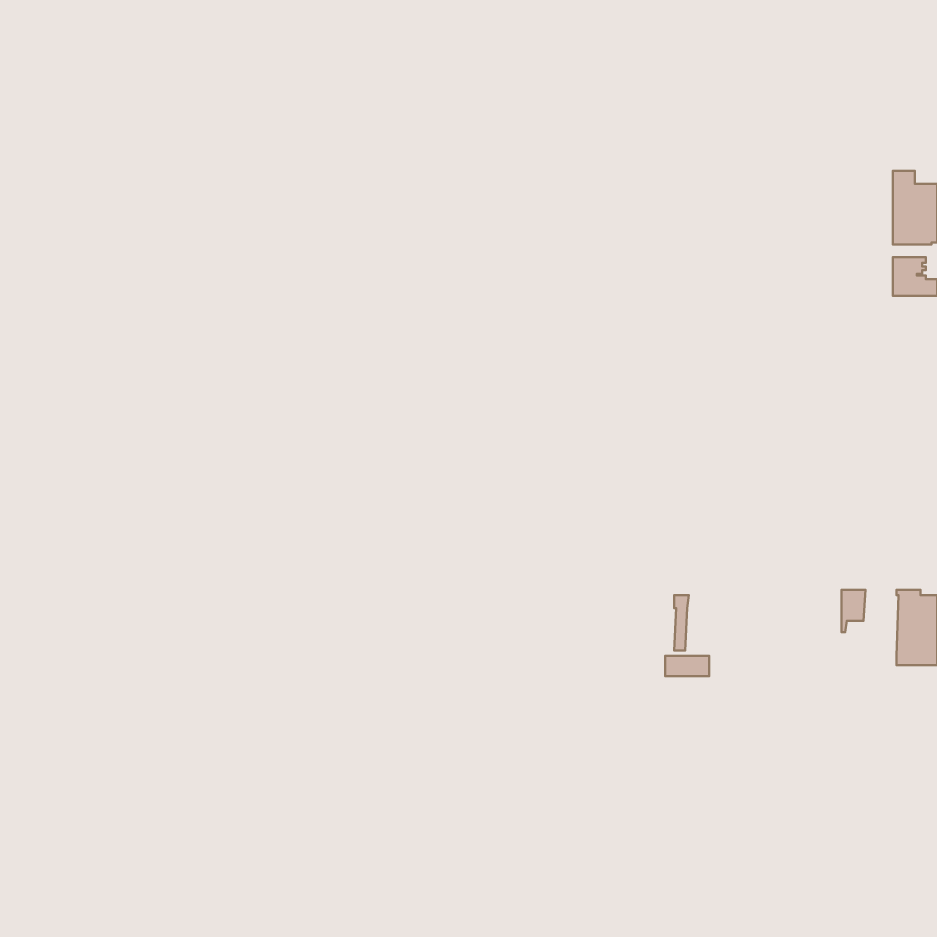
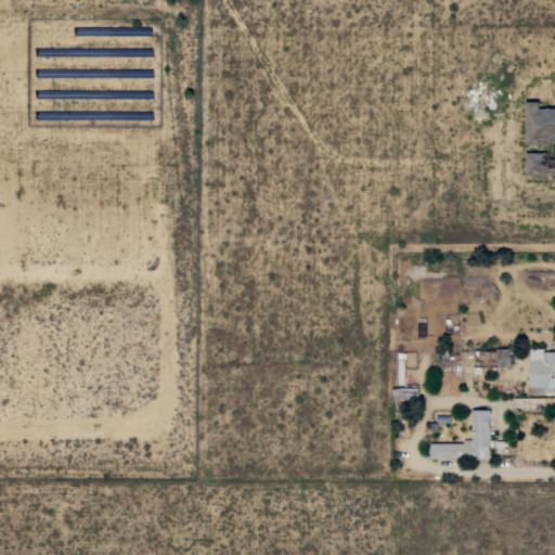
building: none -> [430,410,494,460]

